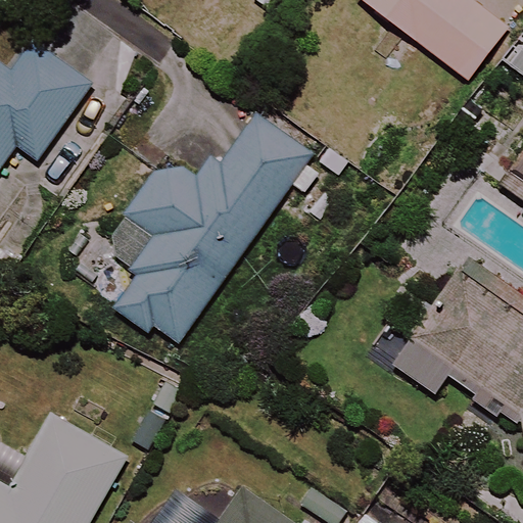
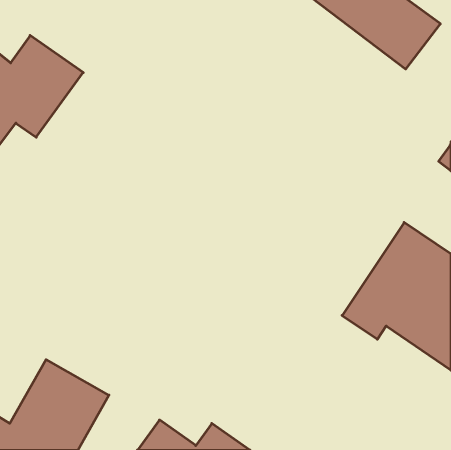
building: [103,113,311,341] -> none

